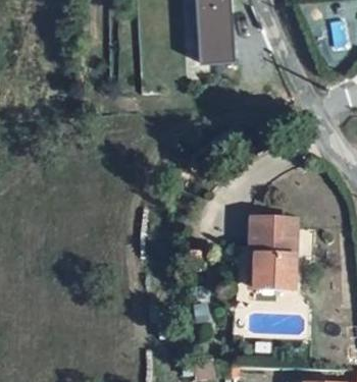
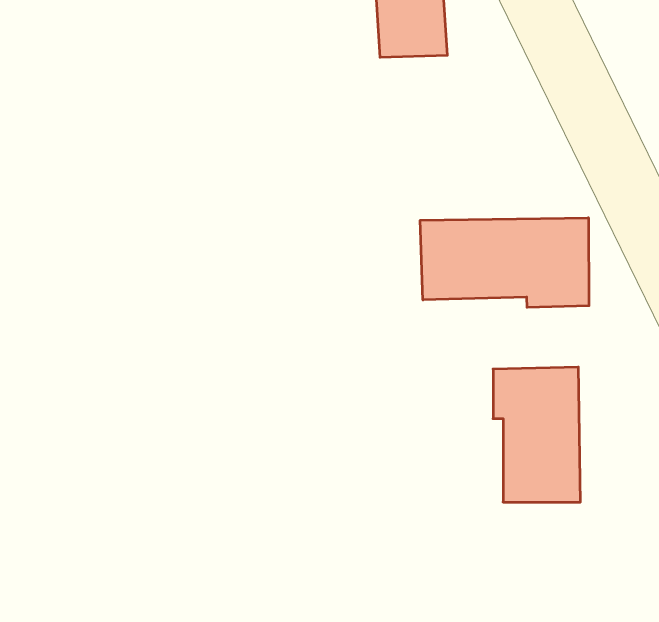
building: none -> [420,218,589,307]

